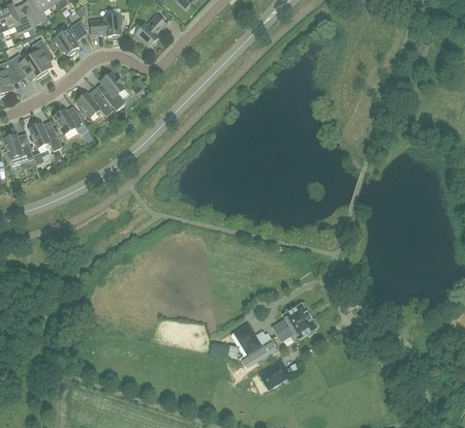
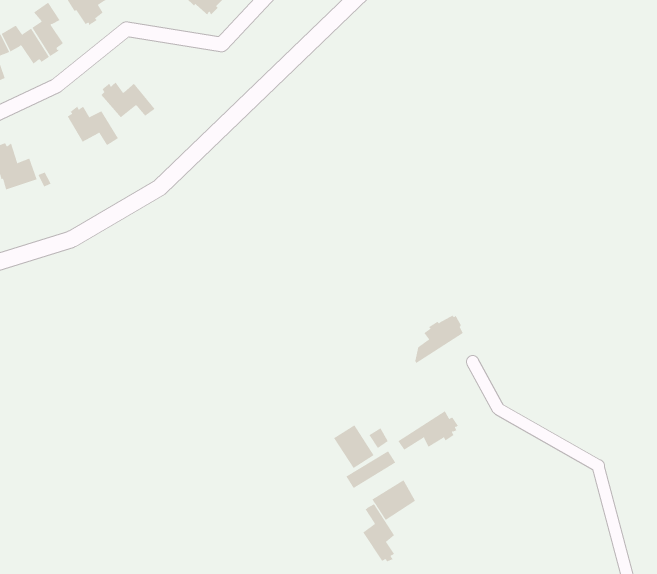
building: [99,71,125,110] -> none
building: [28,121,61,150] -> none
building: [275,301,308,334] -> [414,315,463,364]
building: none -> [363,504,395,562]

